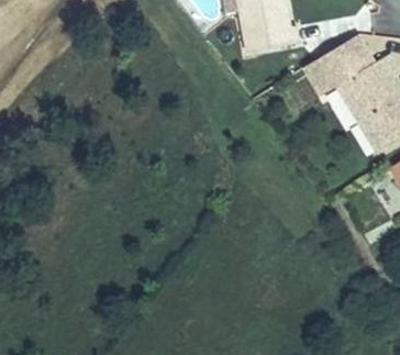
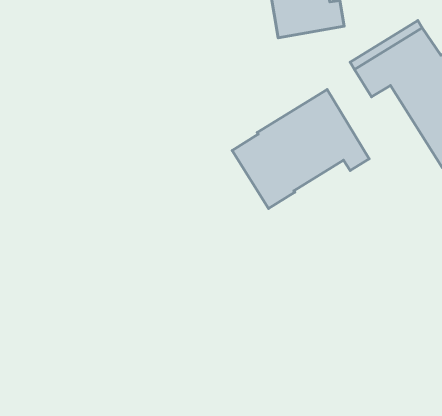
building: none -> [232,90,369,209]

